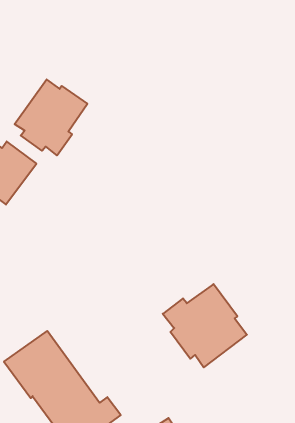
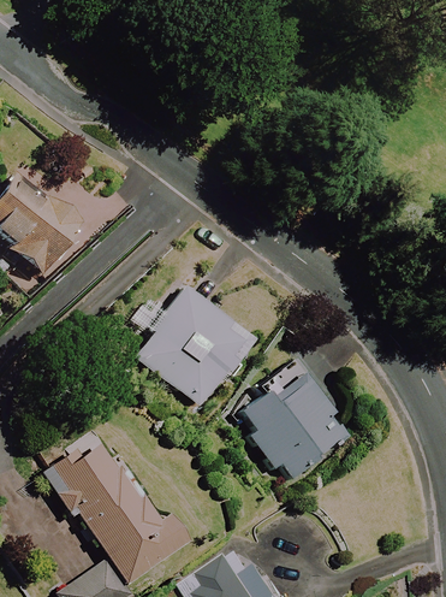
building: [15,79,87,155] -> none
building: none -> [133,286,252,406]

